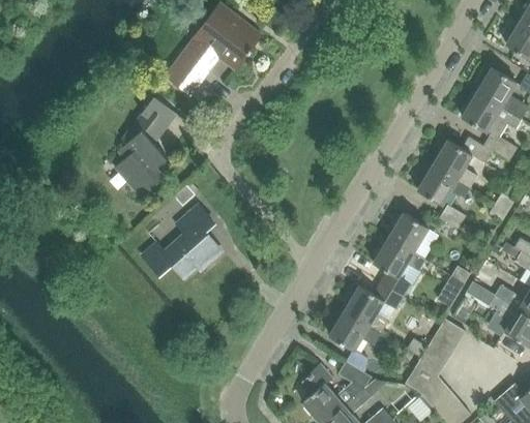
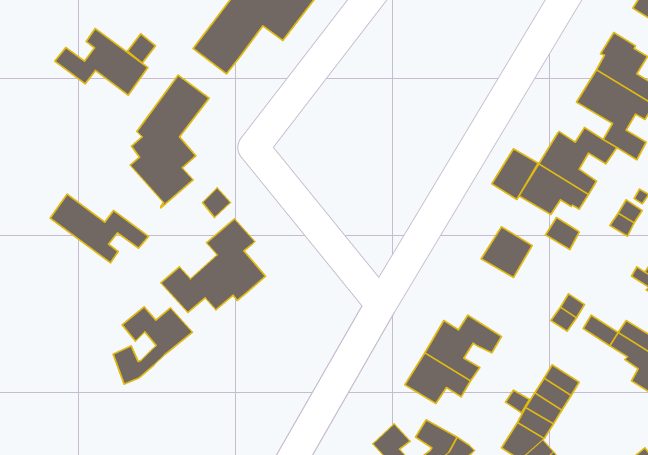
building: none -> [55,29,148,95]
building: none -> [492,149,538,199]
building: none -> [50,194,149,263]
building: [374,237,425,297] -> none
building: none -> [113,307,193,384]

